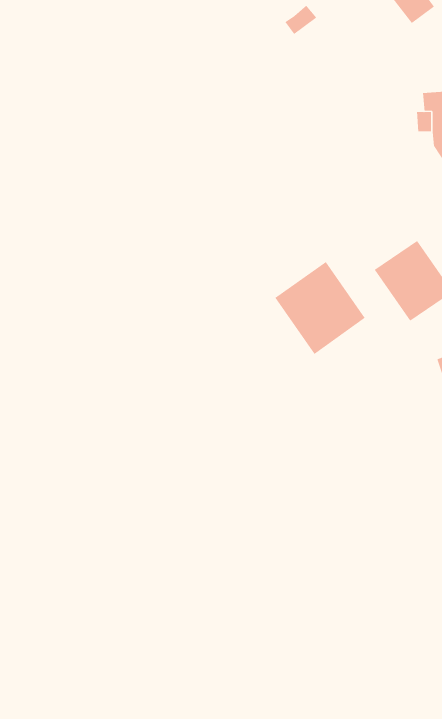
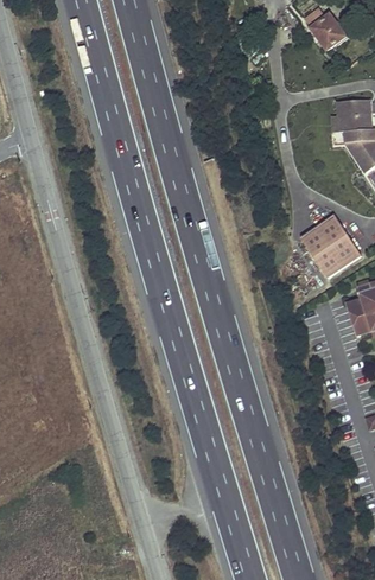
building: [275,261,365,355] -> none

